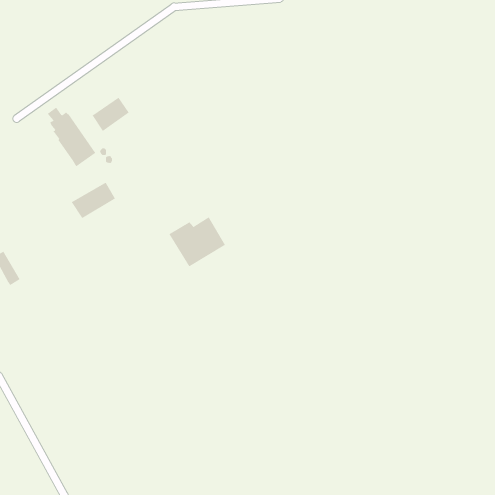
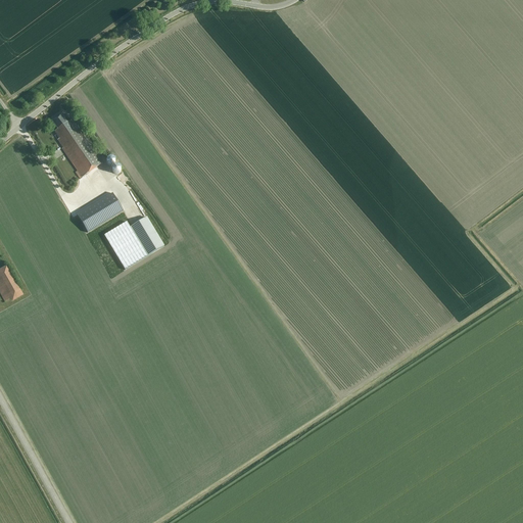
building: [92,97,130,132] -> none
building: [168,217,226,267] -> [102,215,162,268]

